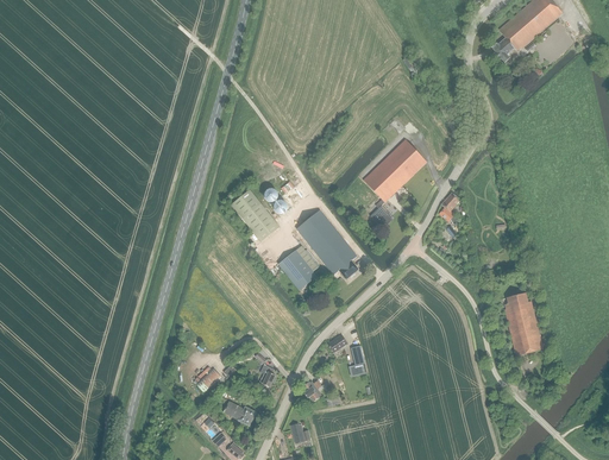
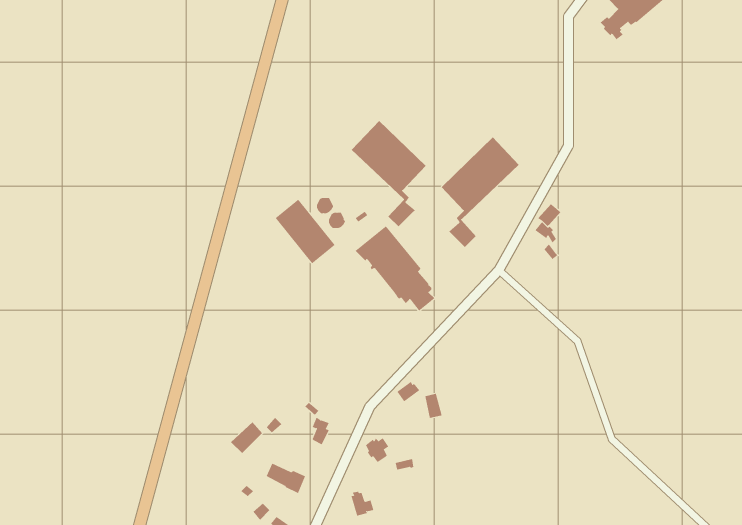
building: none -> [351,120,426,227]
building: [280,245,318,290] -> none
building: [503,292,542,355] -> none

